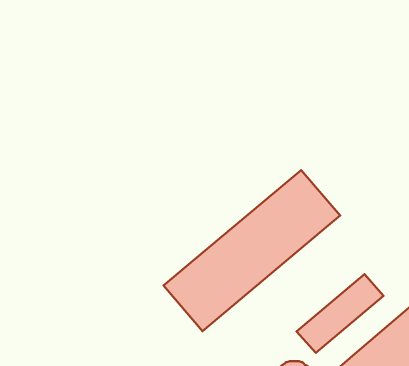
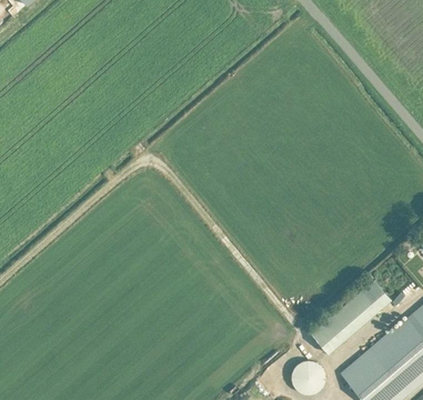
building: [164,170,340,331] -> none

